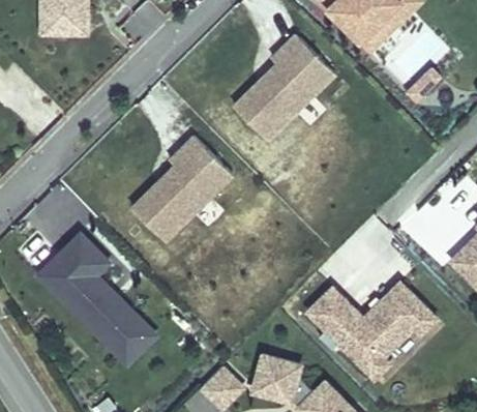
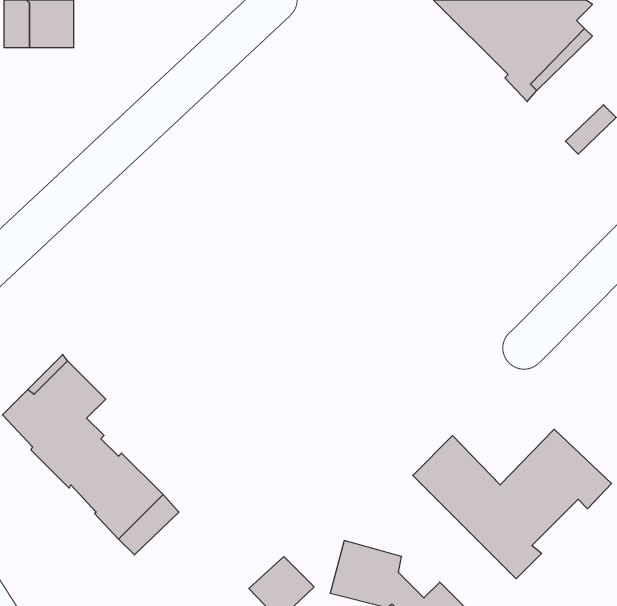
building: [233,33,334,139] -> none
building: [130,134,232,240] -> none

